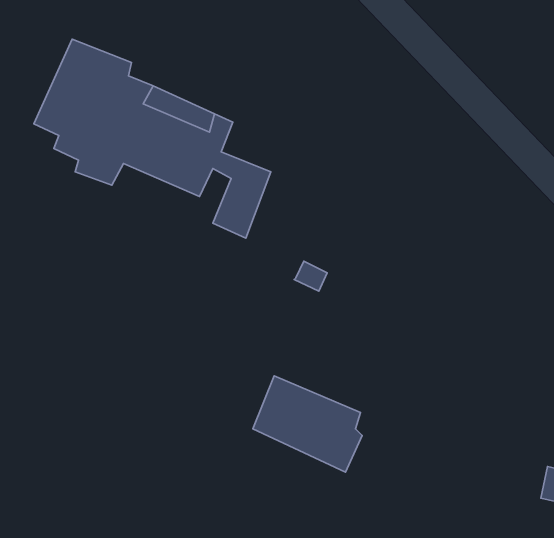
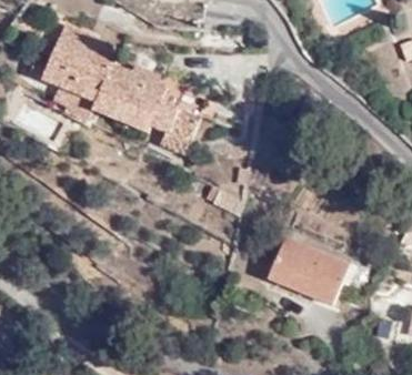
building: [253,376,362,472] -> [269,239,342,303]

